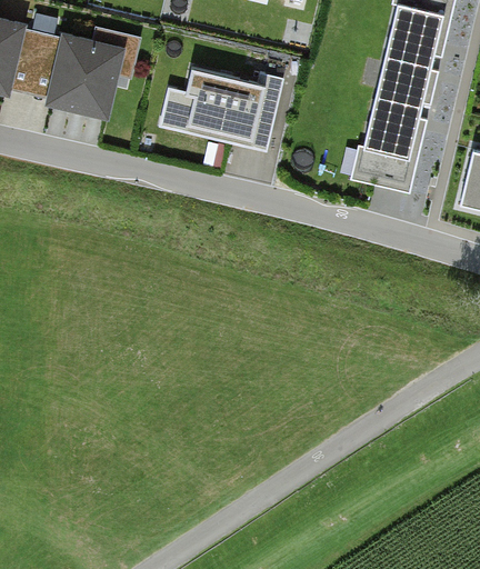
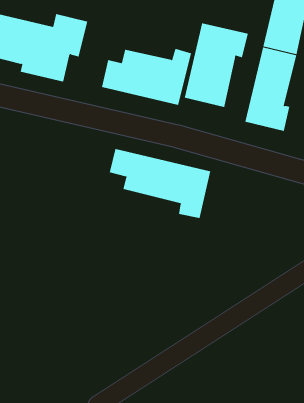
building: none -> [184,22,248,108]
building: none -> [109,148,211,219]

